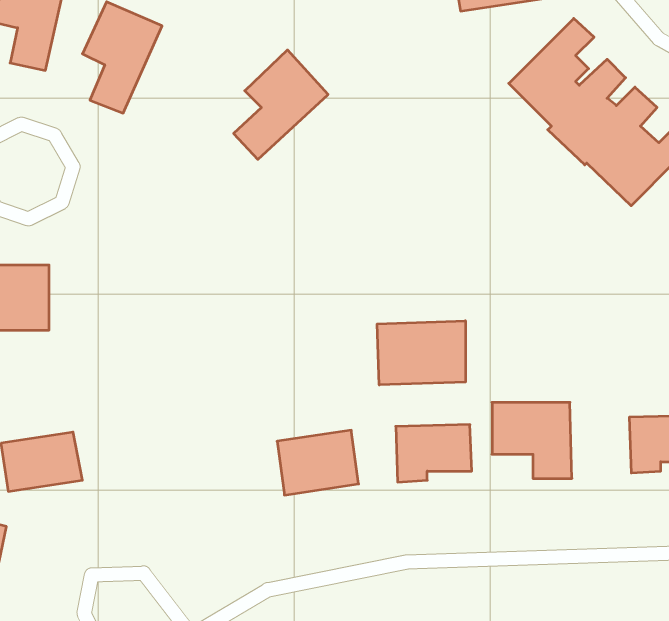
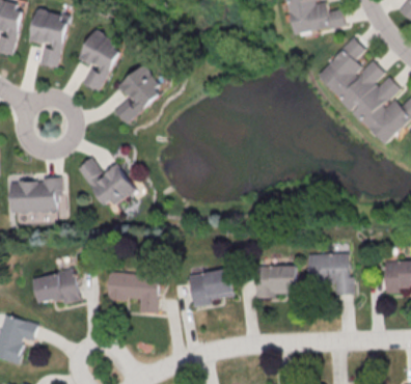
building: [234,50,328,159] -> [113,63,166,125]
building: none -> [77,157,136,210]
building: [377,321,465,385] -> none
building: none -> [107,272,159,312]

